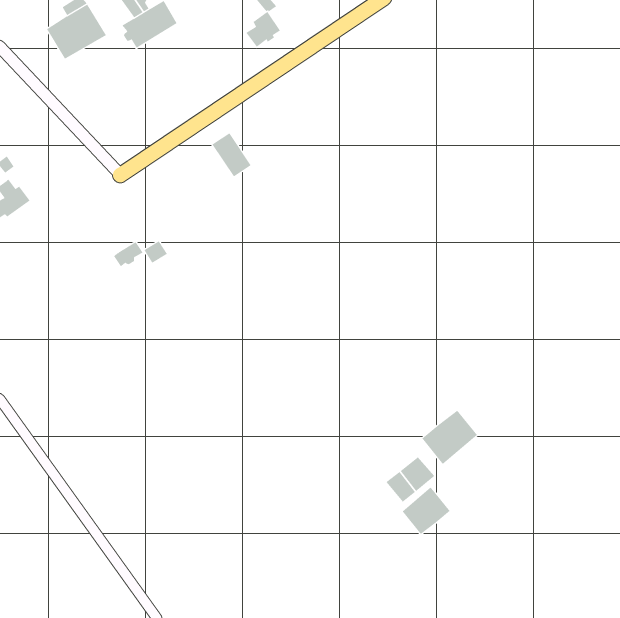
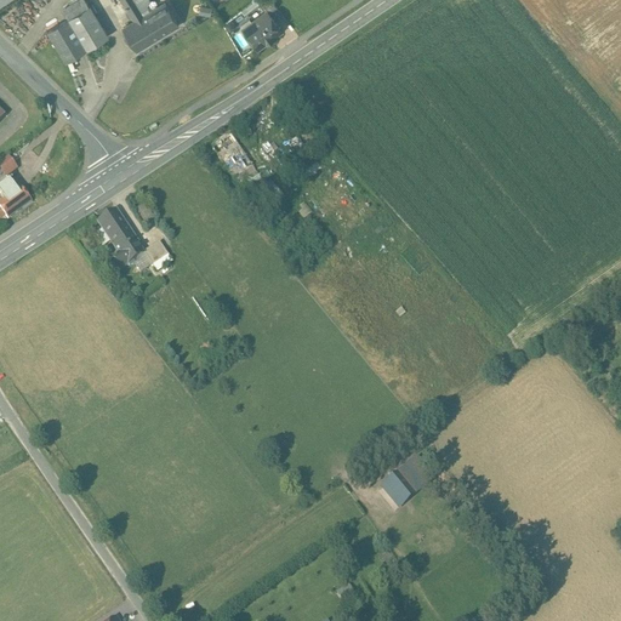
building: none -> [96,207,137,252]
building: [421,410,478,465] -> none
building: [402,486,451,535] -> none

